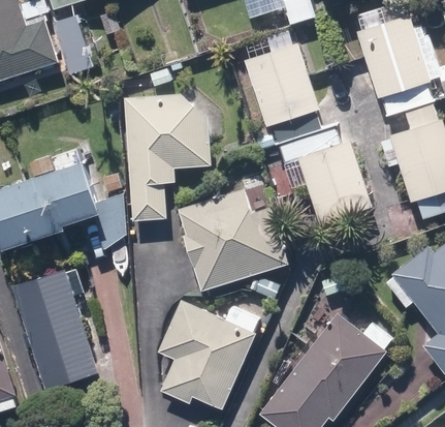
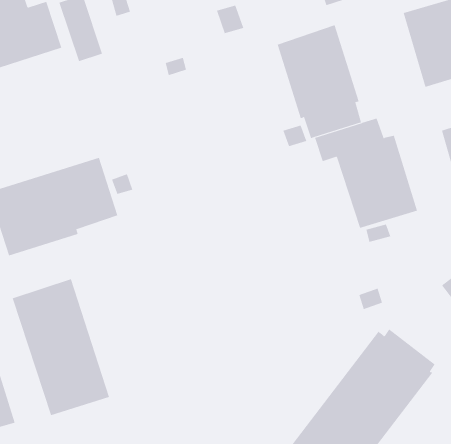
building: [124,94,210,220] -> none
building: [178,188,288,291] -> none
building: [157,299,258,409] -> none

